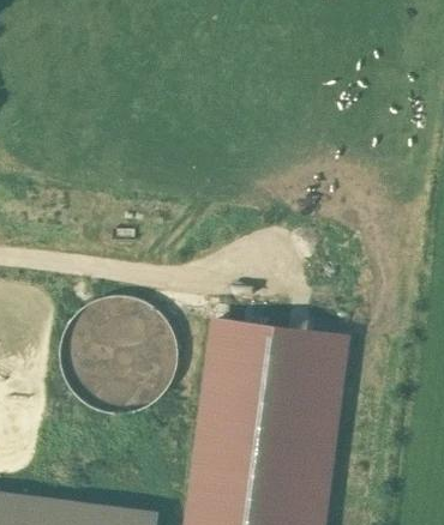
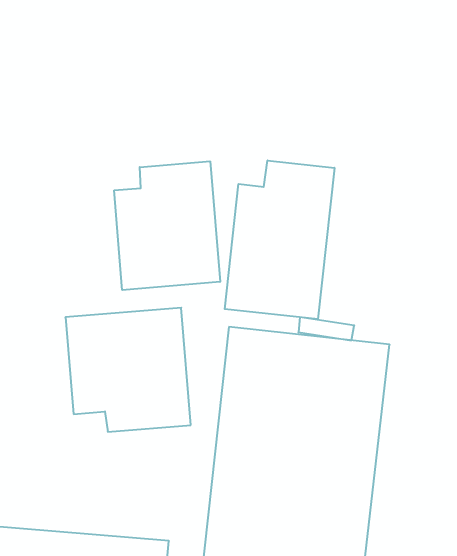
building: none -> [225,160,334,319]
building: none -> [114,161,220,290]

